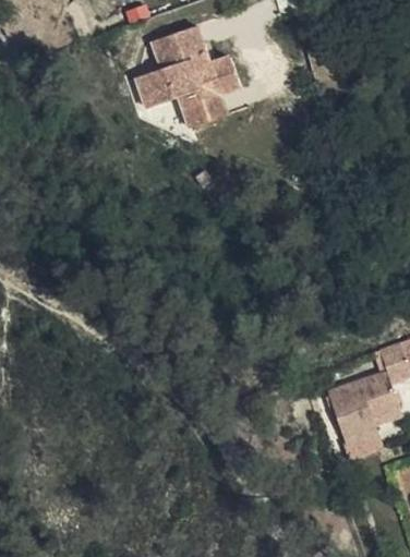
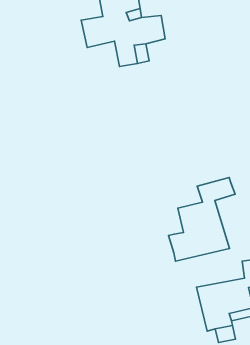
building: none -> [169,178,235,261]

